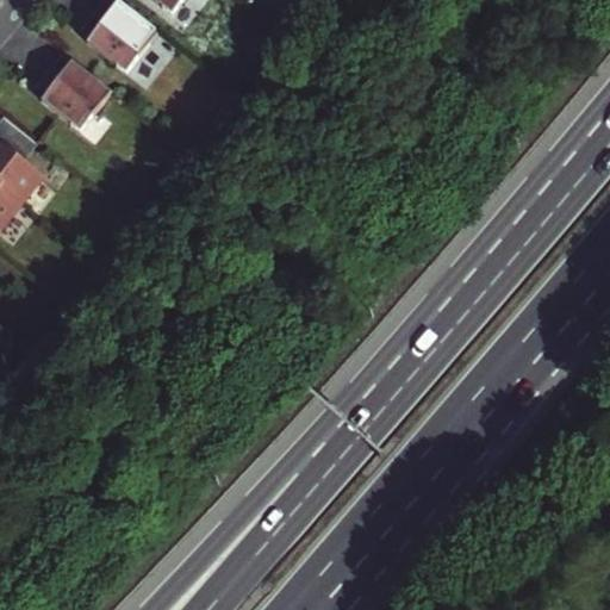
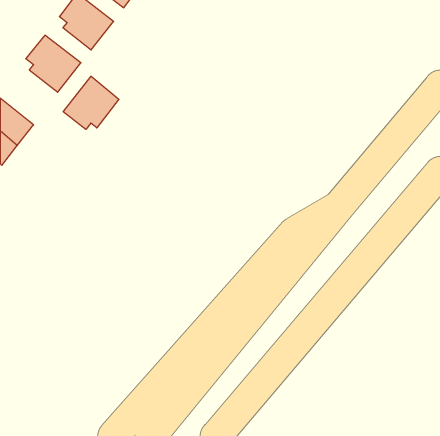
building: none -> [63,76,119,129]

